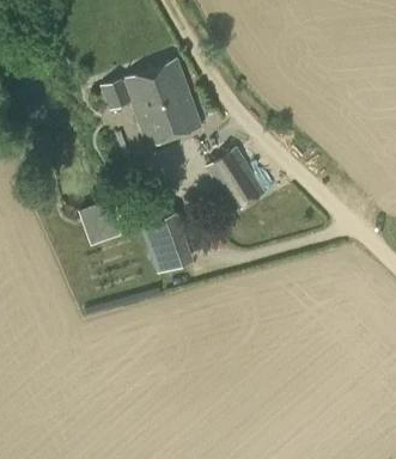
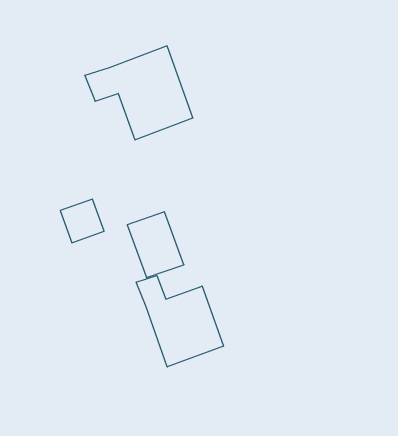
building: [208,148,268,214] -> none
building: none -> [136,276,223,367]

